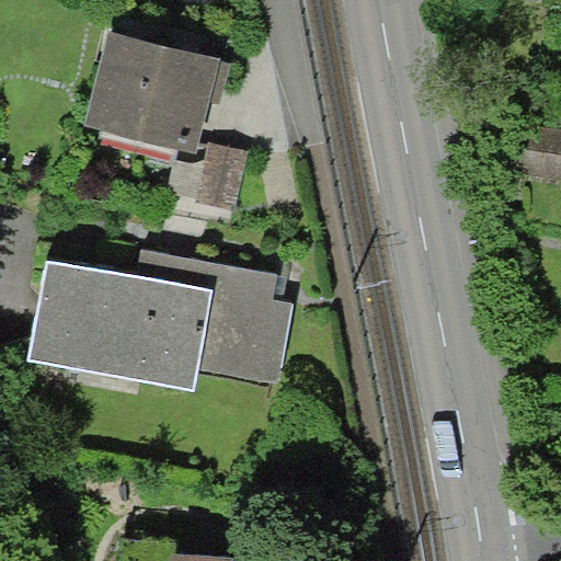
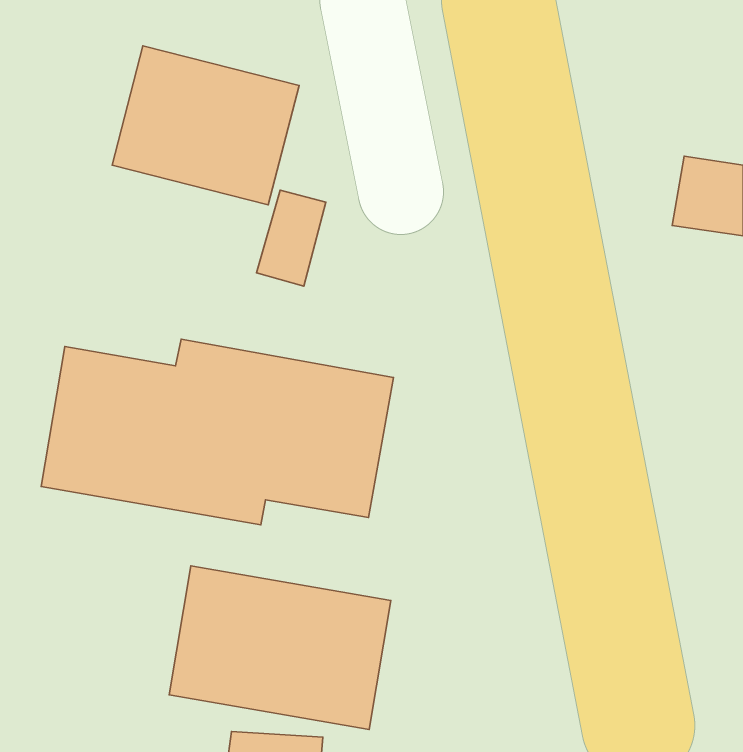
building: none -> [169,566,391,730]

